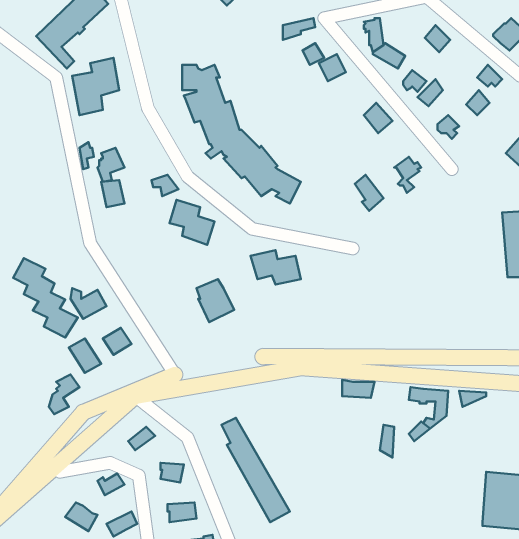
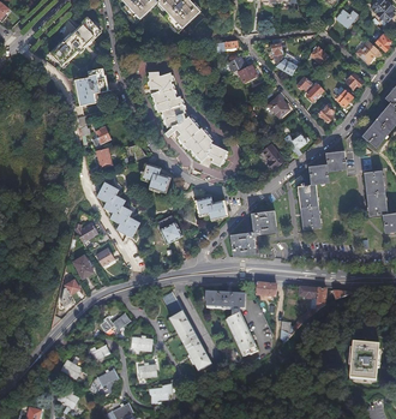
building: none -> [295,152,343,228]
building: [13,258,78,337] -> [97,181,140,234]
building: none -> [230,213,276,256]
building: none -> [205,292,260,355]

